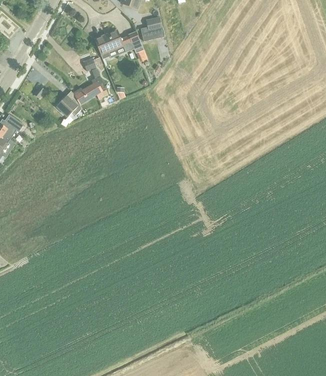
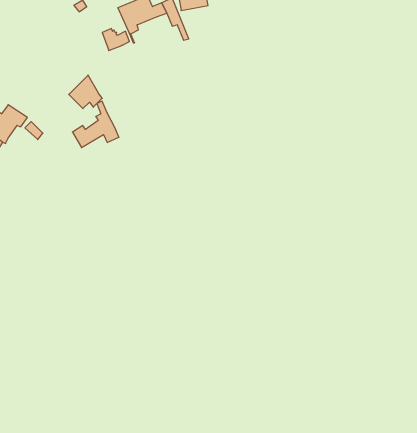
building: [72,68,108,104] -> [72,101,119,148]

